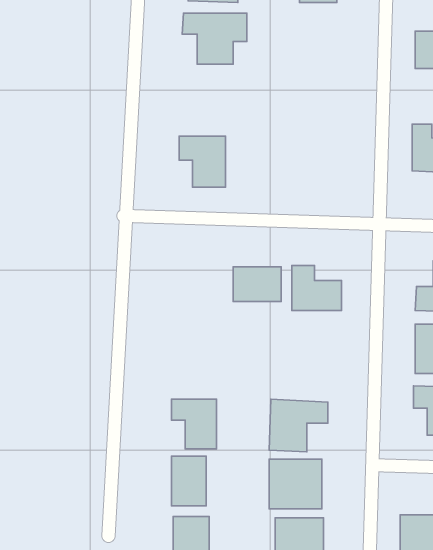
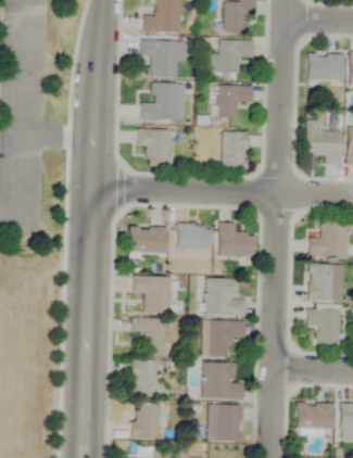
building: none -> [220,40,254,73]
building: none -> [141,82,177,118]
building: none -> [218,86,252,118]
building: none -> [223,131,248,168]
building: none -> [130,227,166,252]
building: none -> [134,276,171,313]
building: none -> [206,279,247,316]

